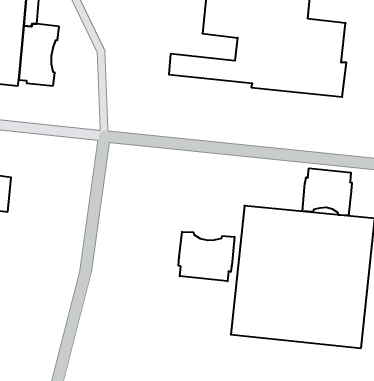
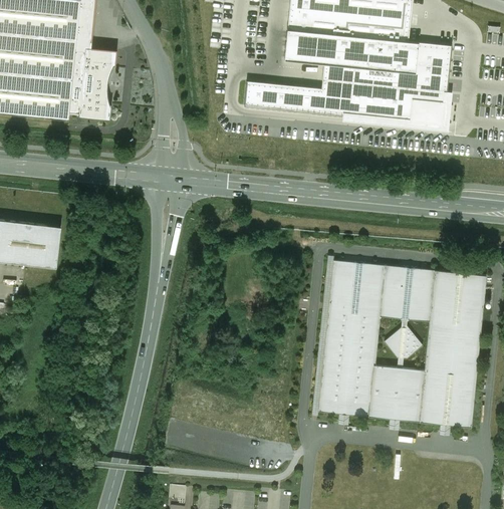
building: [302,168,352,215] -> none
building: [178,232,234,281] -> none

